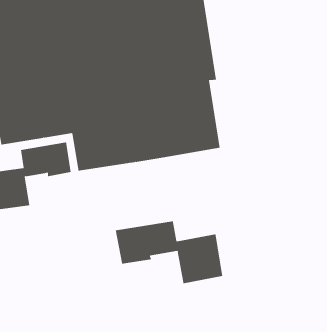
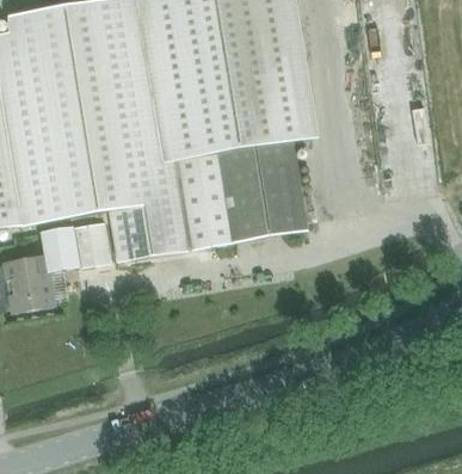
building: [115,220,223,284] -> none

